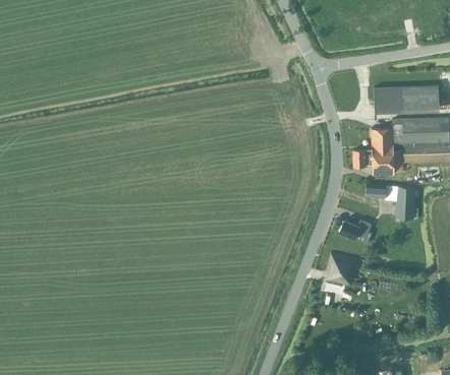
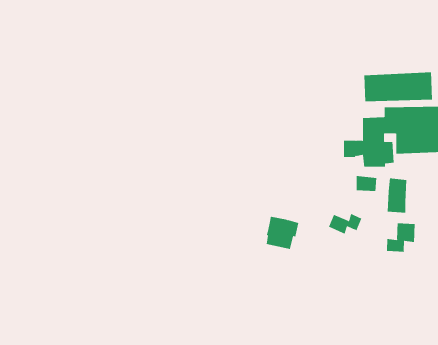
building: none -> [387,222,415,252]
building: [328,254,359,286] -> [266,216,299,249]

